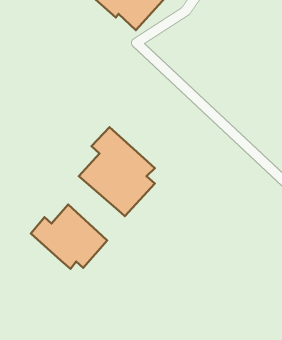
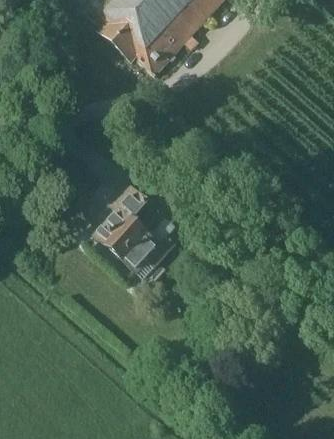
building: [31,204,107,269] -> none

